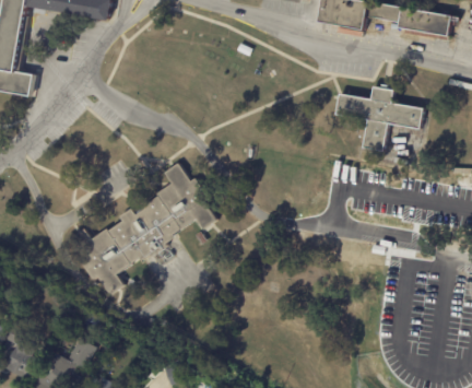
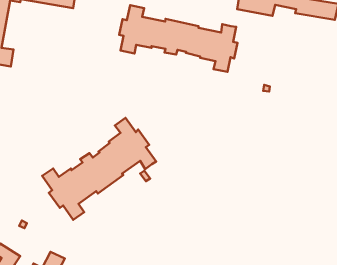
building: none -> [119,5,238,72]
building: [333,86,423,152] -> none

